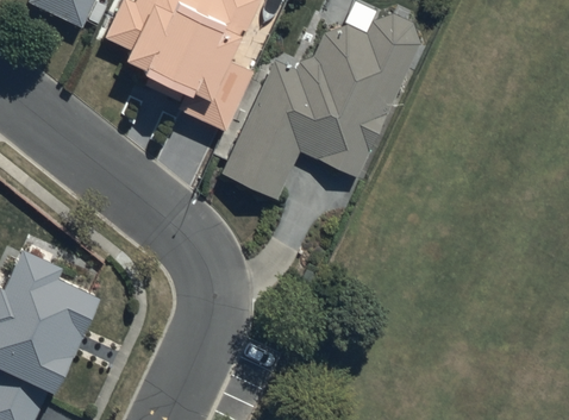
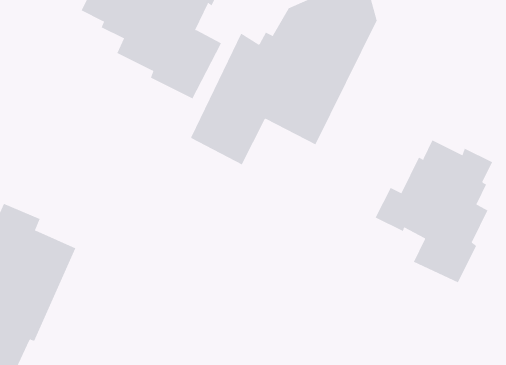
building: none -> [375,140,493,283]

